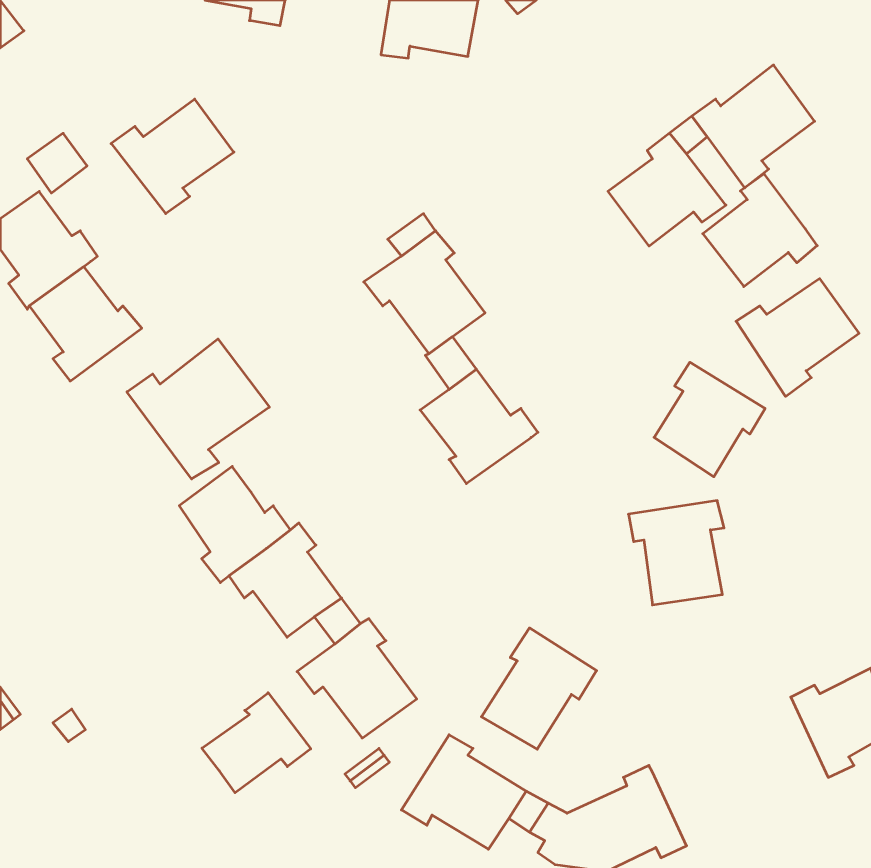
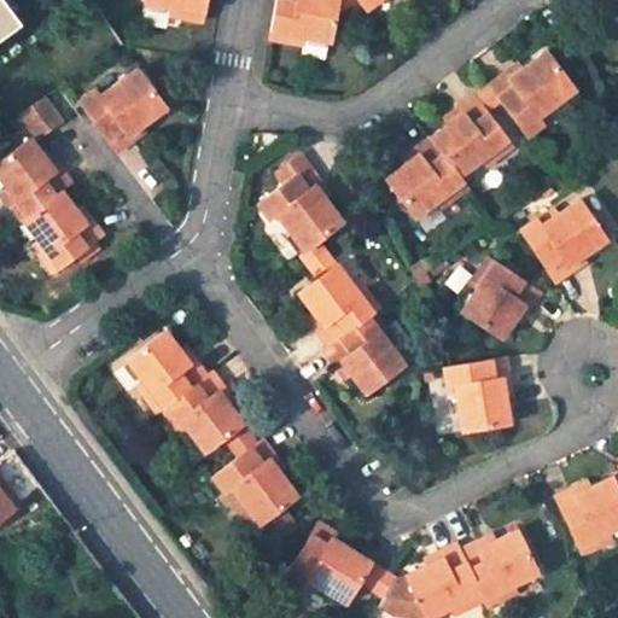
building: [703,174,817,287] -> [387,139,468,218]
building: [127,339,269,479] -> none
building: none -> [325,313,406,393]
building: [481,628,597,749] -> none
building: [202,693,311,793] -> none
building: none -> [462,530,542,606]

